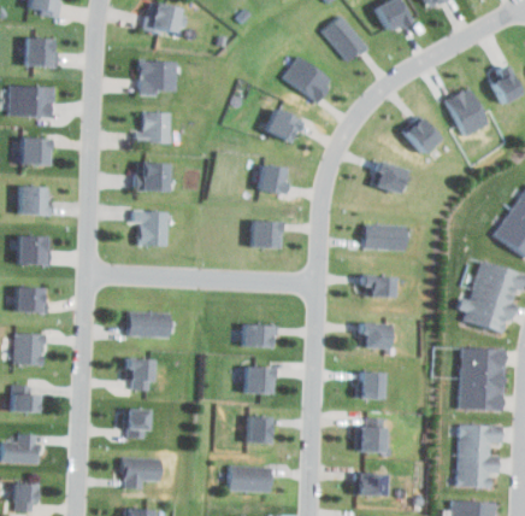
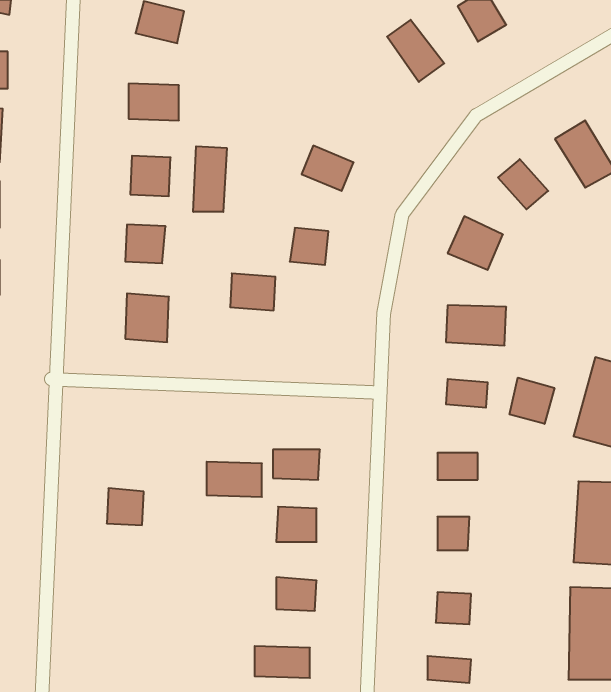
building: [283,57,331,101] -> none
building: none -> [193,146,227,212]
building: [252,222,284,248] -> [230,273,275,310]
building: none -> [510,378,554,424]
building: [130,315,170,340] -> [207,462,262,497]
building: [123,400,147,434] -> none
building: [124,458,159,489] -> none

